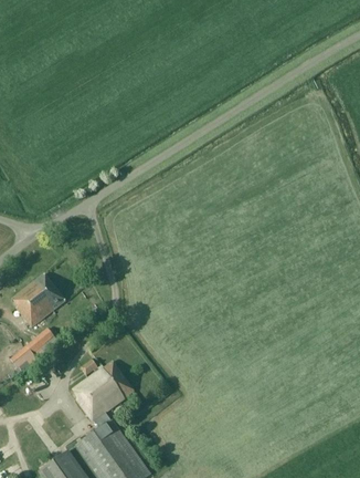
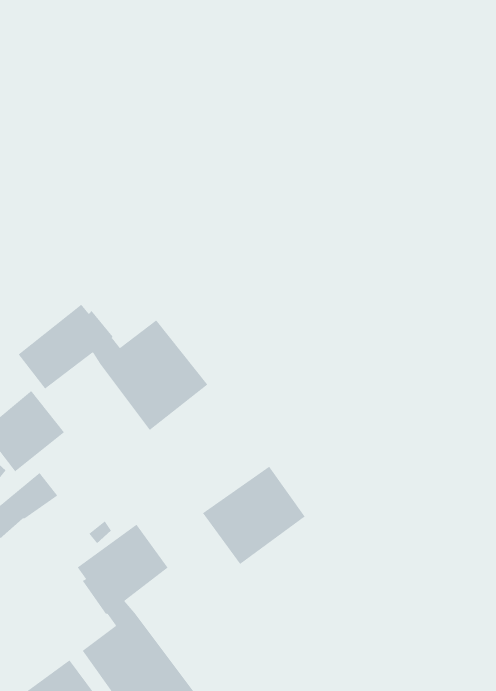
building: none -> [18,304,208,431]
building: none -> [202,466,305,565]

